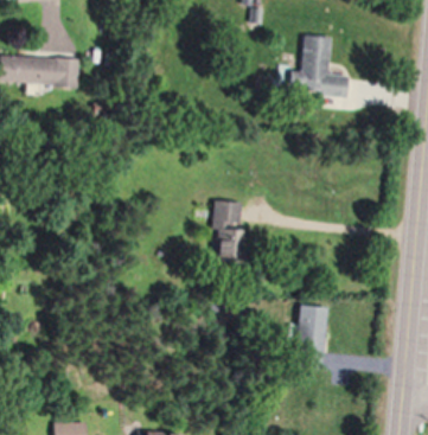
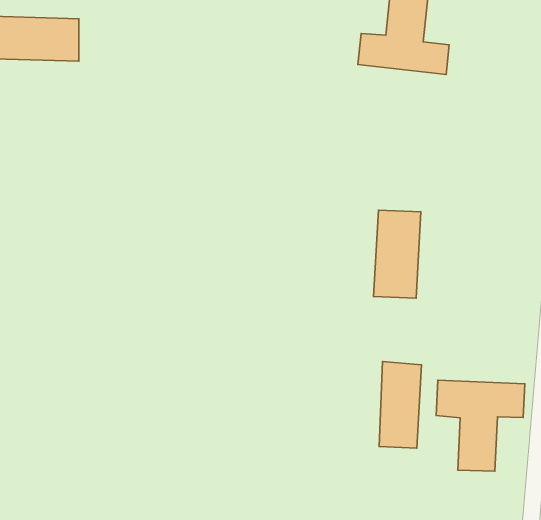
building: [213,200,248,264] -> [374,210,421,298]
building: none -> [436,380,525,471]

